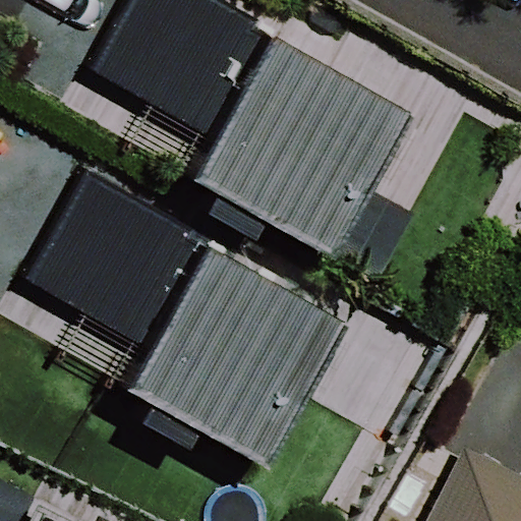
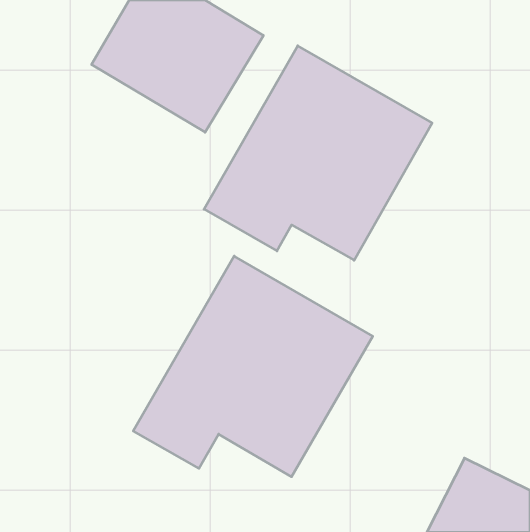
building: [8,161,192,349] -> none

